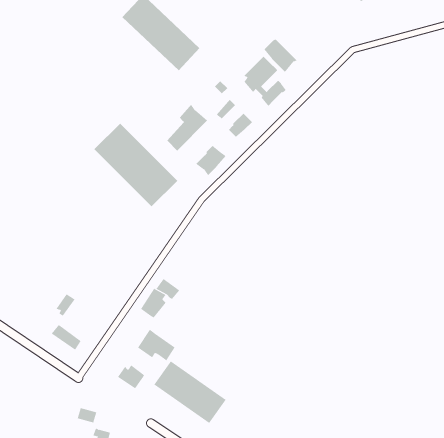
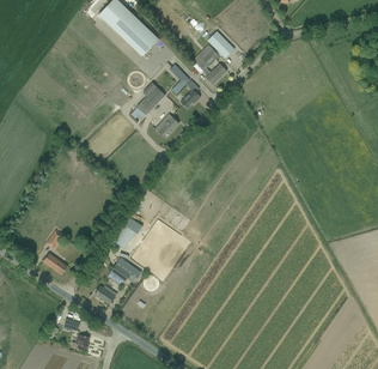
building: [94,123,178,207] -> none
building: [154,360,226,424] -> none

